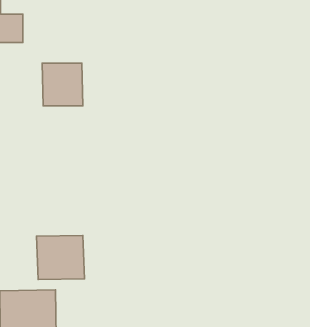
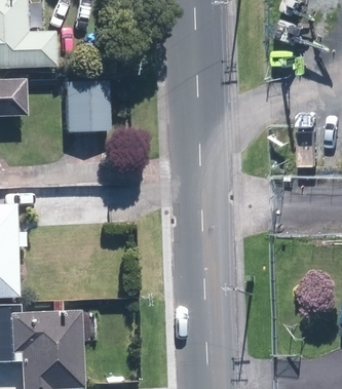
building: [37,235,85,280] -> none

